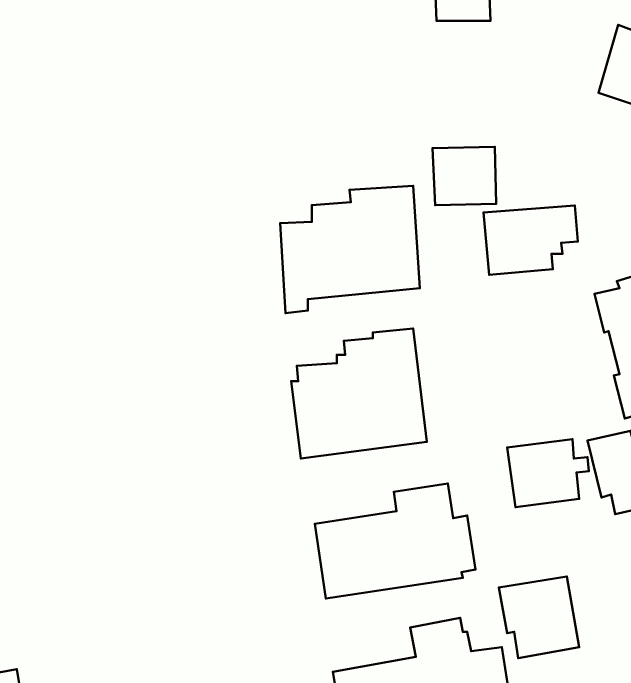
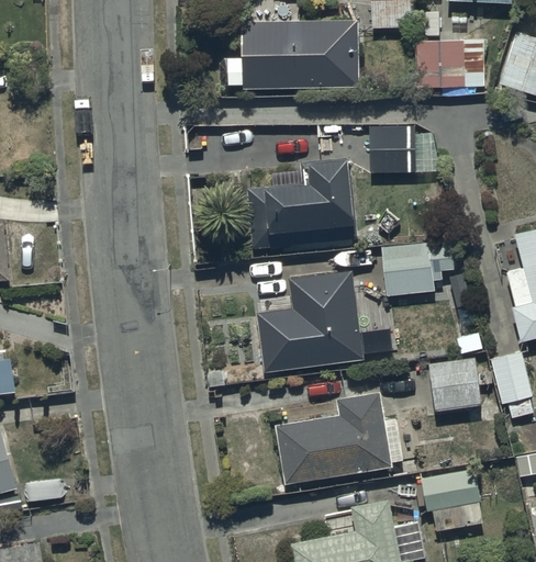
building: none -> [224,20,358,88]
building: none -> [415,38,484,88]
building: [484,205,578,275] -> [380,240,455,295]

